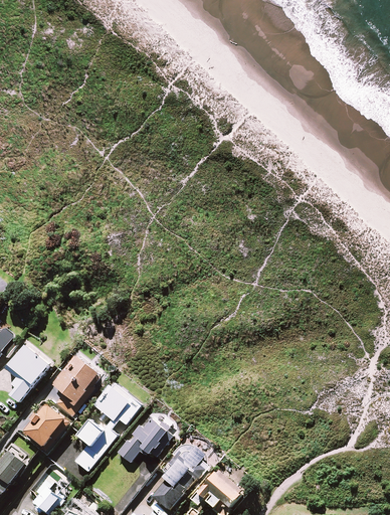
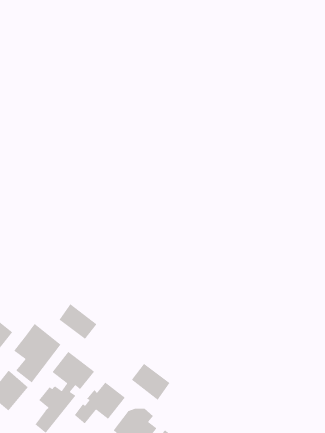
building: none -> [59,303,97,340]
building: none -> [131,363,171,401]

